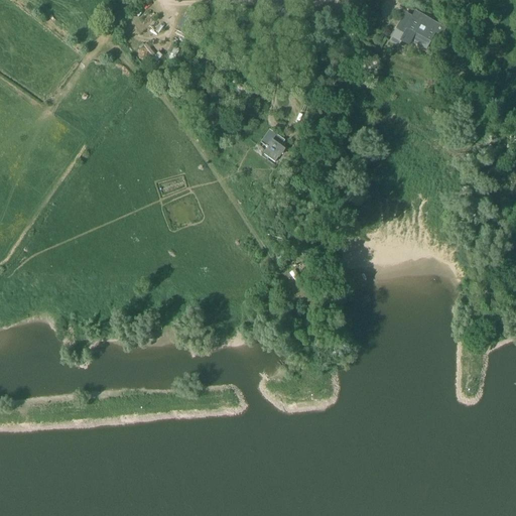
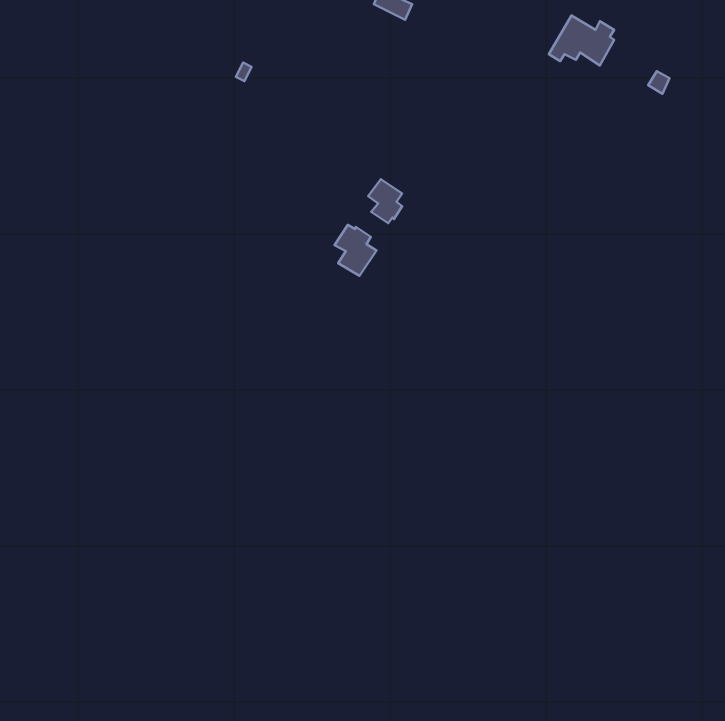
building: none -> [335,225,376,276]

